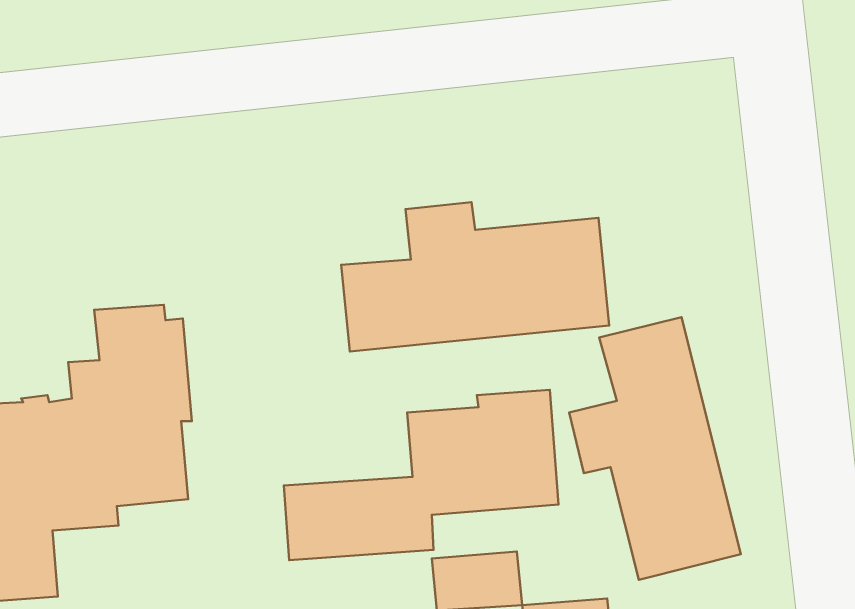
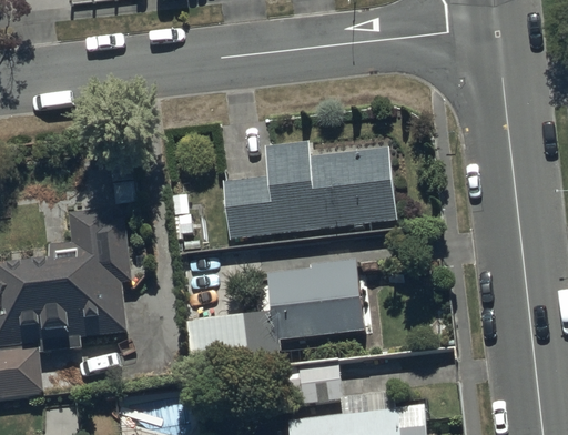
building: [569,317,741,580] -> none

